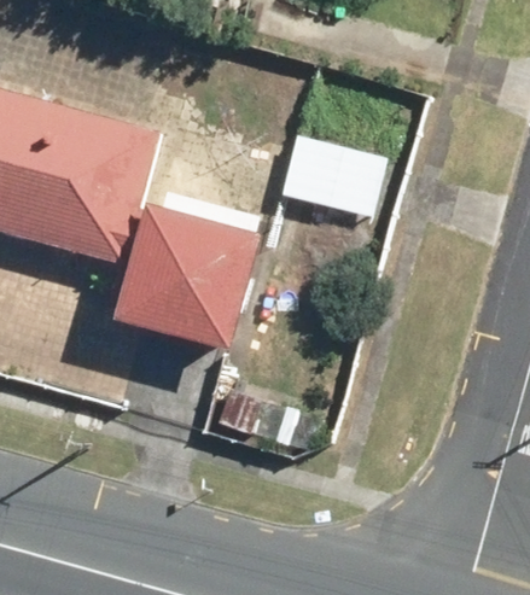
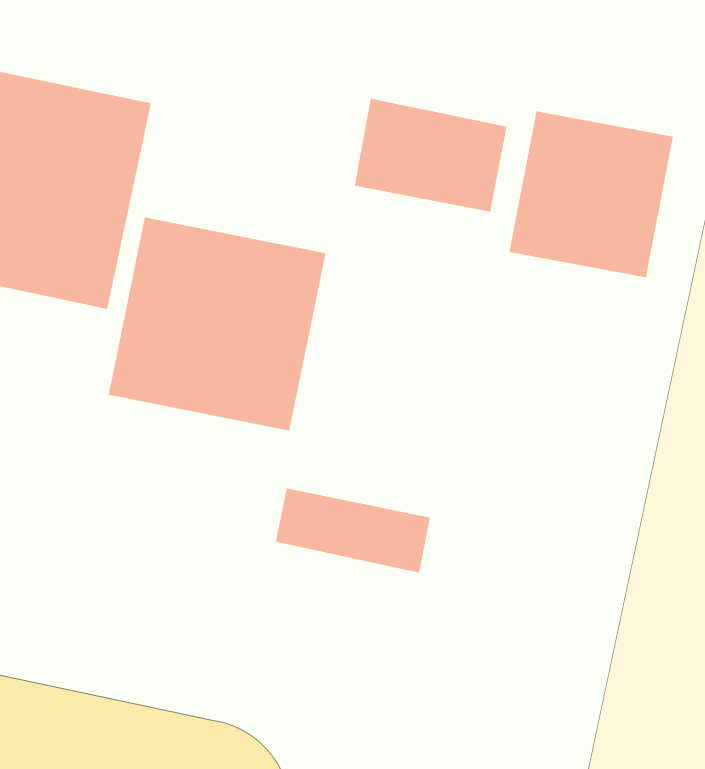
building: none -> [509,110,674,278]

